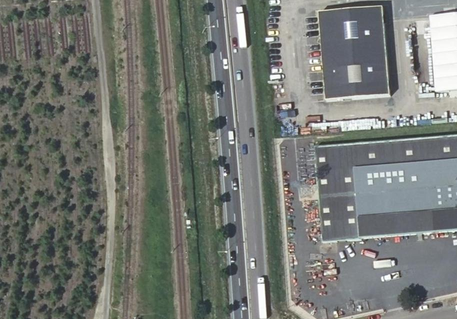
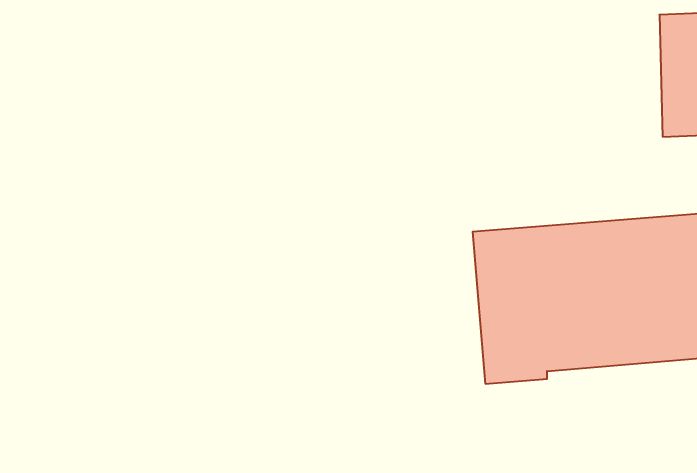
building: [318,6,390,100] -> none

